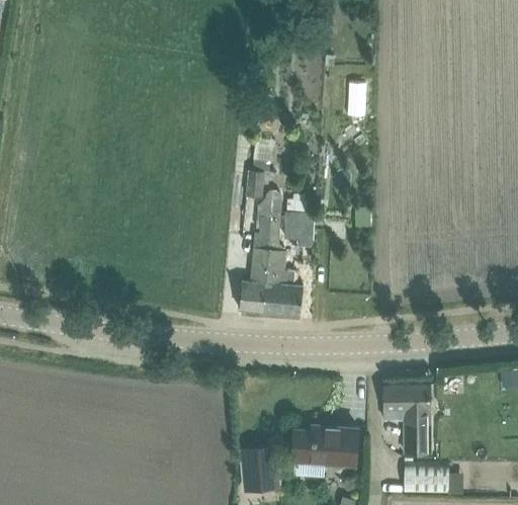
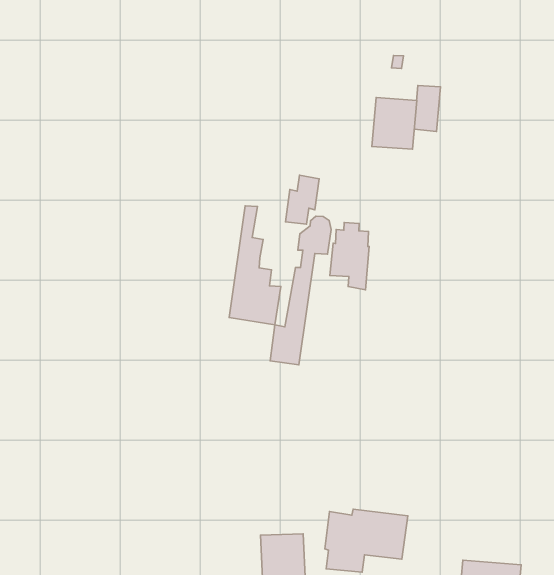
building: none -> [372,98,417,149]
building: [263,221,304,316] -> [229,206,281,325]
building: [384,385,431,455] -> none

